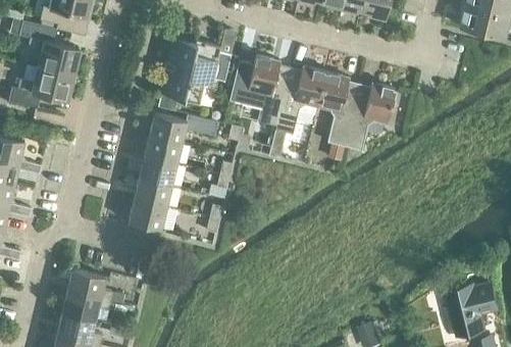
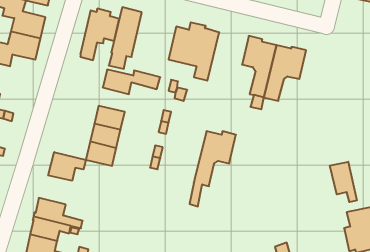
building: [185,43,232,105] -> [80,9,119,60]
building: [270,67,326,158] -> [190,131,236,206]
building: [145,134,182,163] -> none
building: none -> [48,152,86,181]
building: none -> [330,162,357,202]

